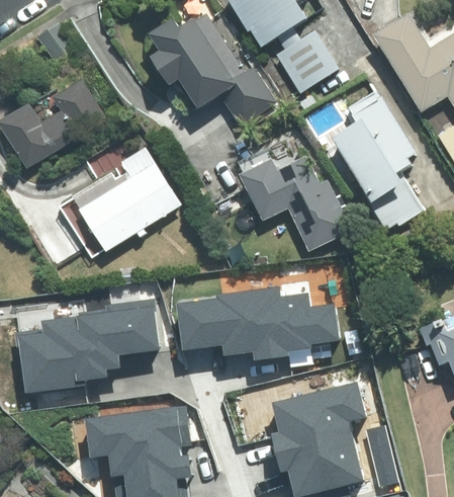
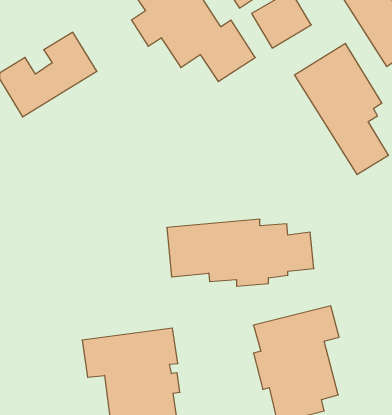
building: [56,149,179,255] -> none
building: [237,157,351,253] -> none
building: [19,294,164,388] -> none

